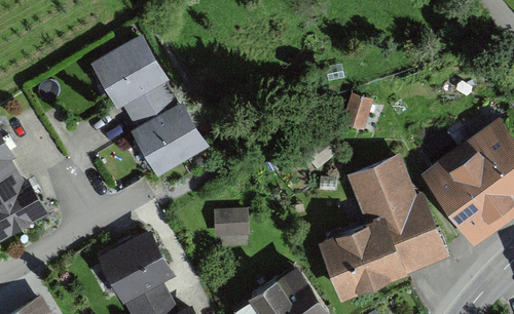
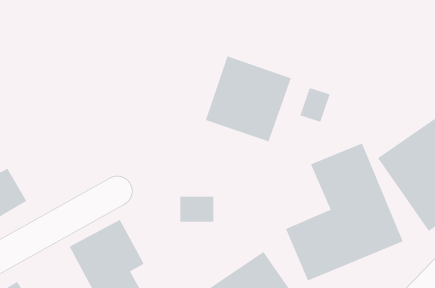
building: [87,32,206,174] -> none
building: none -> [205,56,291,142]

